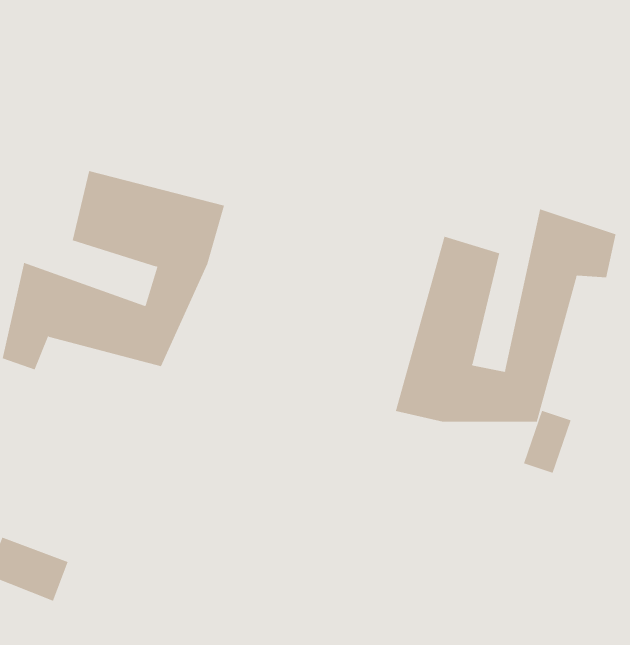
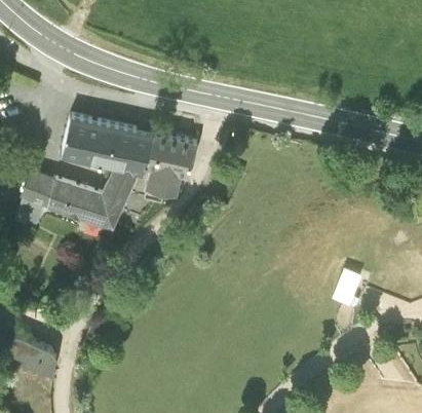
building: none -> [143,134,200,200]
building: [395,208,616,422] -> none

